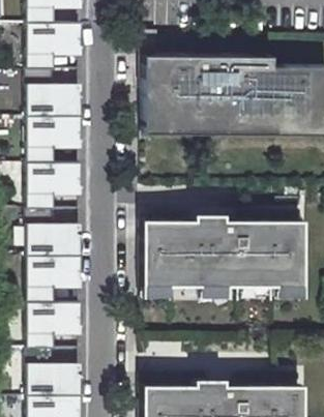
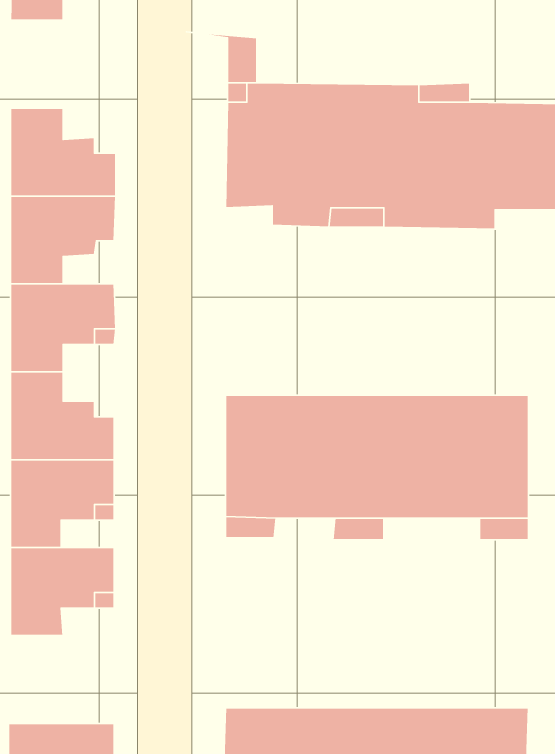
building: [28,23,84,69] -> none
building: [27,349,83,395] -> none

